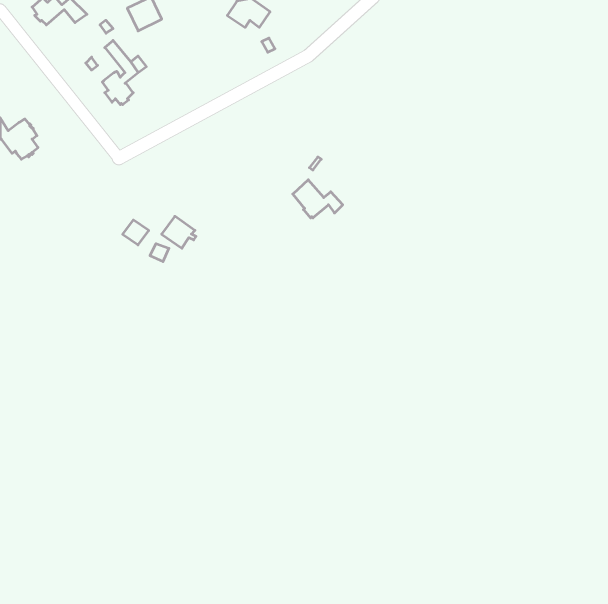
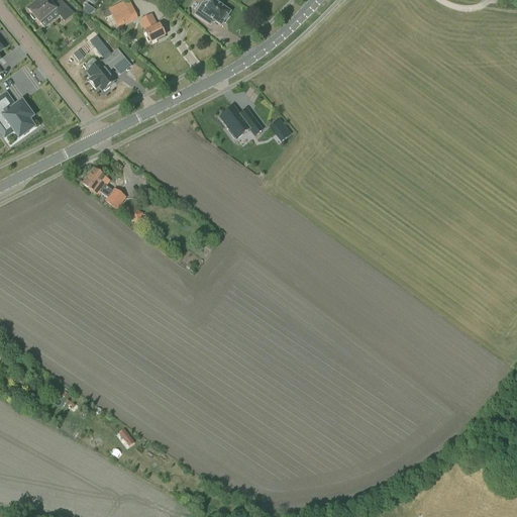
building: none -> [138,12,165,40]
building: [293,180,343,218] -> [220,103,263,135]
building: [162,216,196,248] -> [82,167,111,194]

